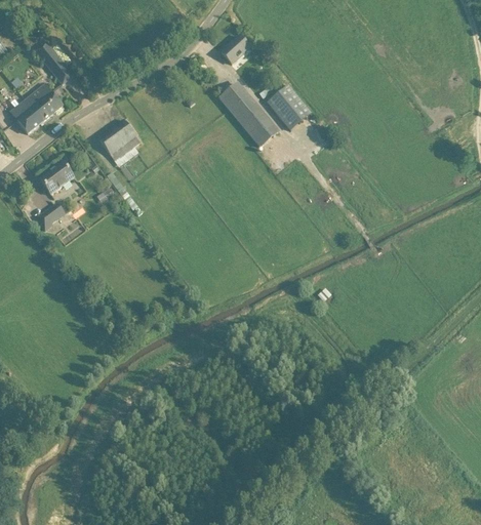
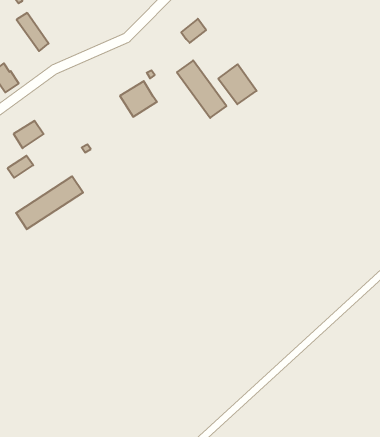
building: [23,82,62,121] -> none
building: [97,119,139,160] -> [120,81,157,117]
building: none -> [16,176,83,229]

